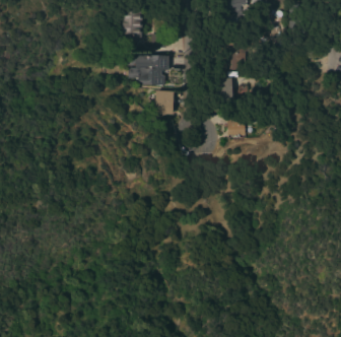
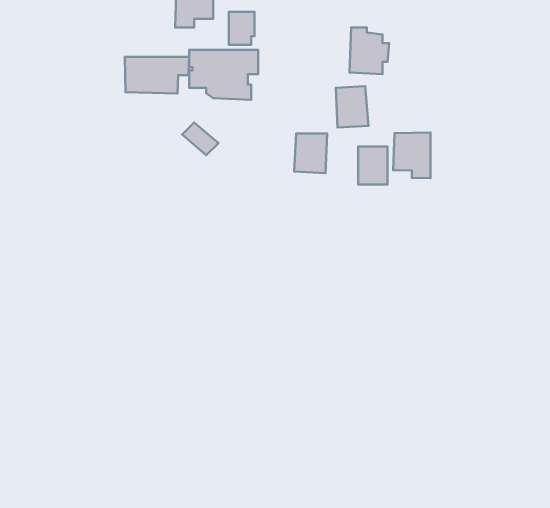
building: none -> [125,57,189,93]
building: [154,90,174,114] -> [294,134,327,173]
building: none -> [393,133,431,178]

